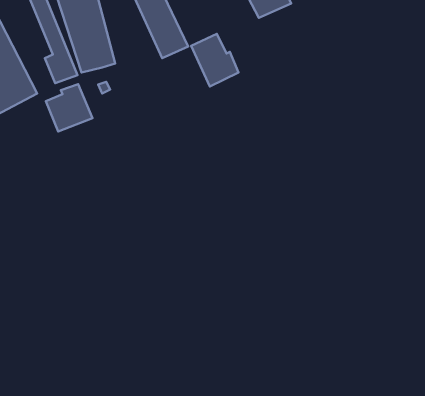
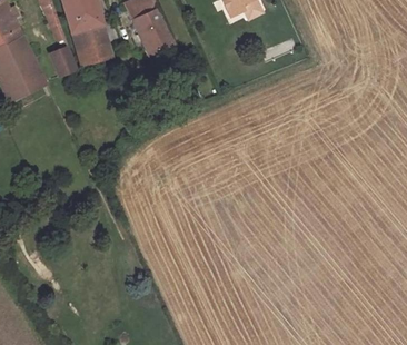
building: [191,34,239,86] -> none
building: [46,84,92,131] -> none

